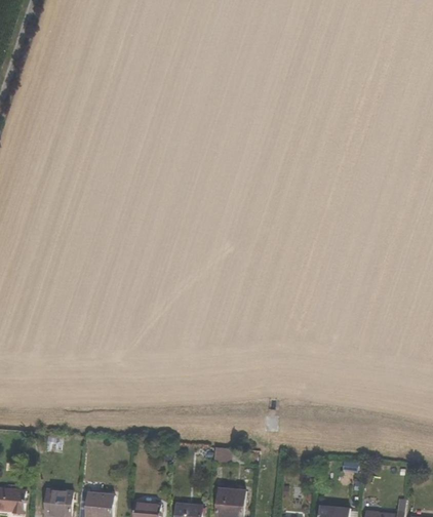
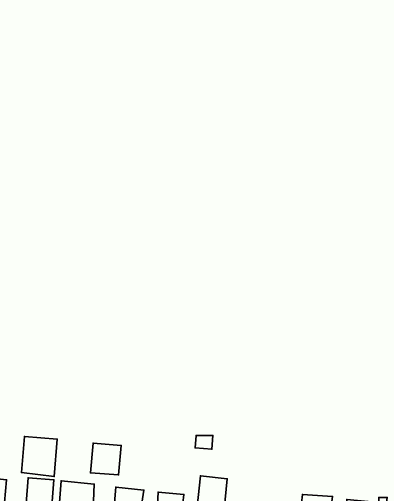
building: none -> [22,436,57,477]
building: none -> [91,443,121,475]

